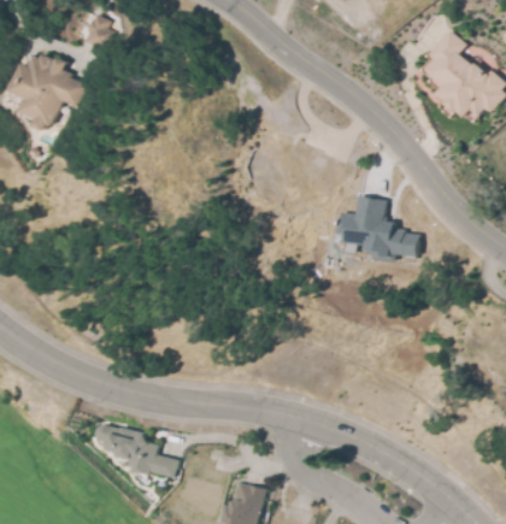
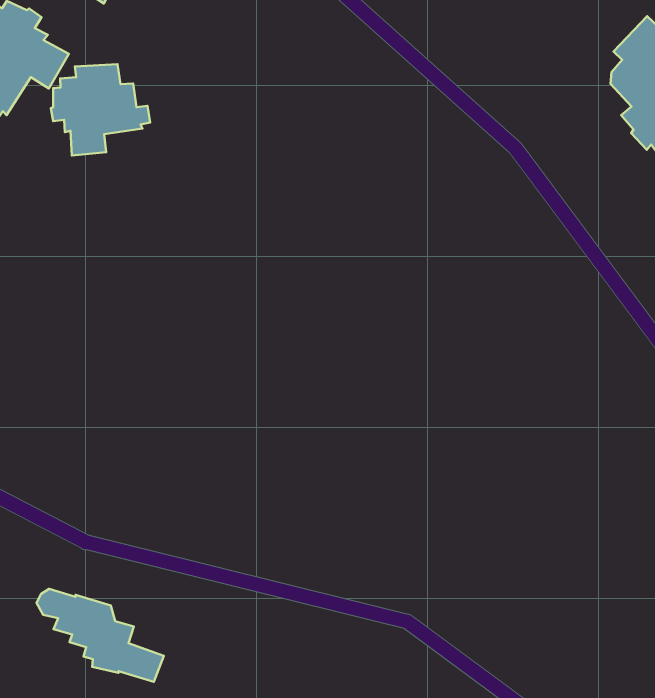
building: none -> [51,64,150,156]
building: [339,195,418,260] -> none

